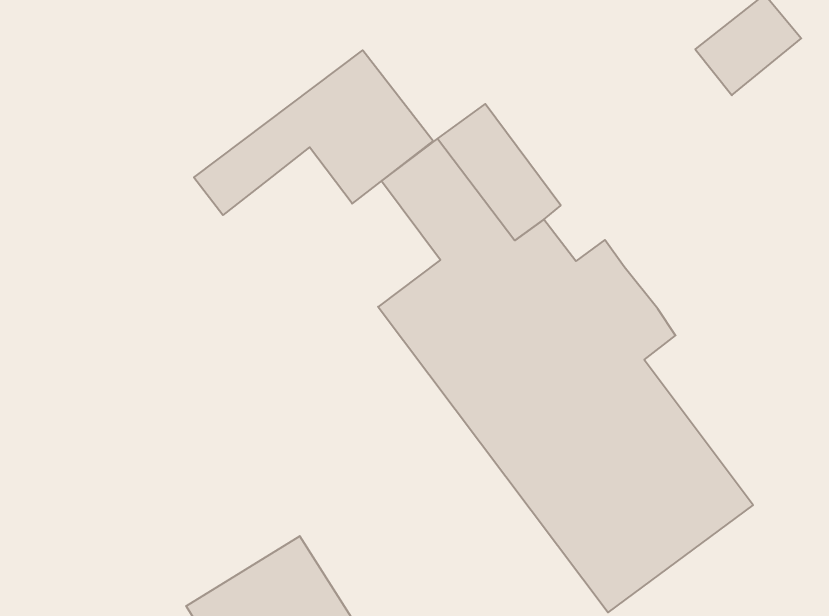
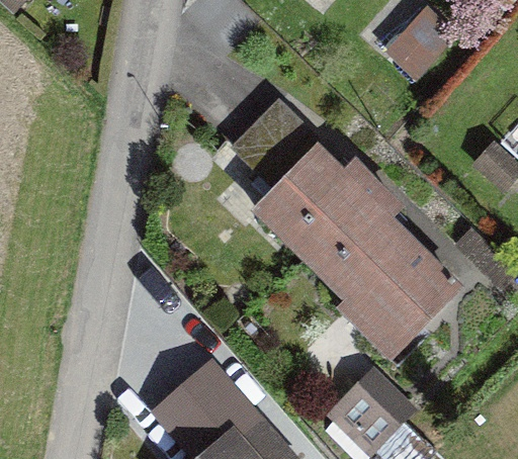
building: [194,50,433,215] -> none

